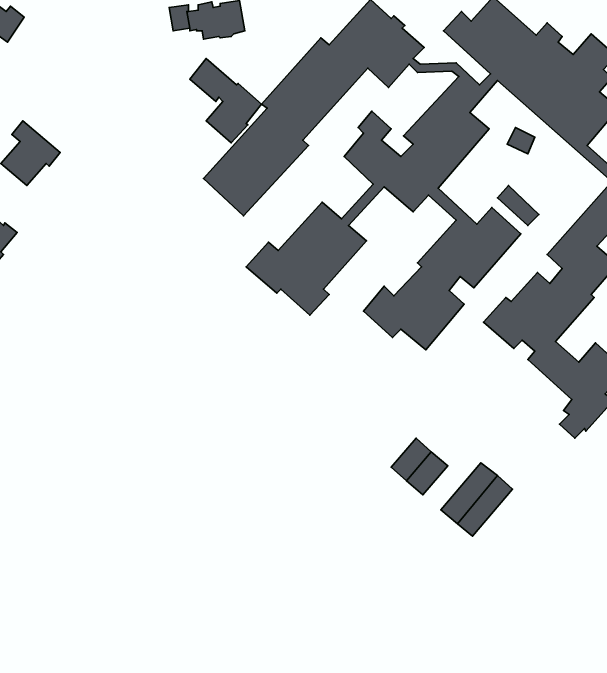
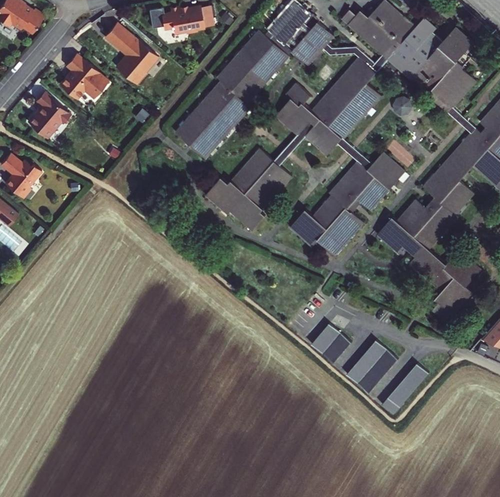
building: [190,59,261,143] -> [104,19,156,80]
building: none -> [59,54,107,99]
building: none -> [382,362,429,413]

